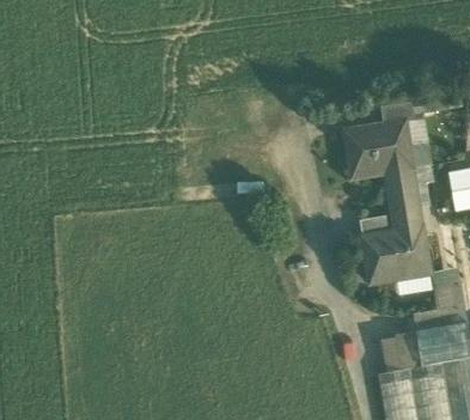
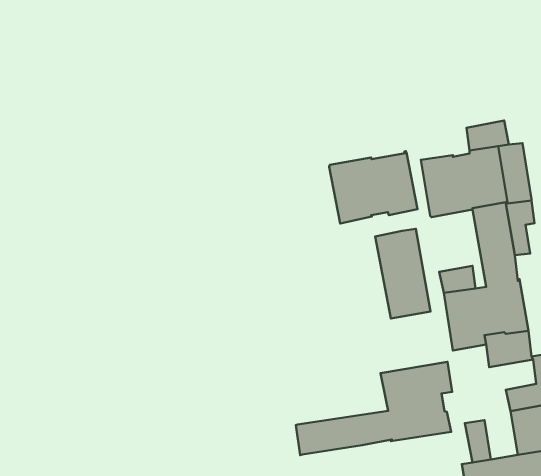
building: none -> [329,151,418,223]
building: none -> [375,229,430,319]
building: none -> [296,362,452,455]
building: [393,331,421,370] -> none

